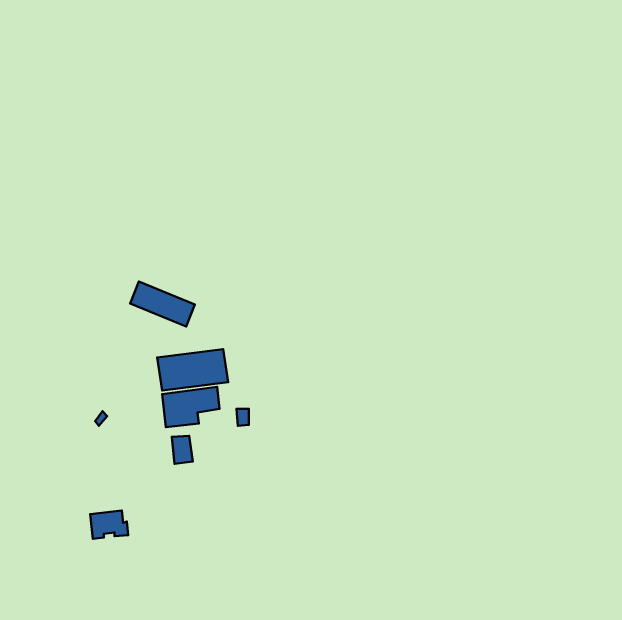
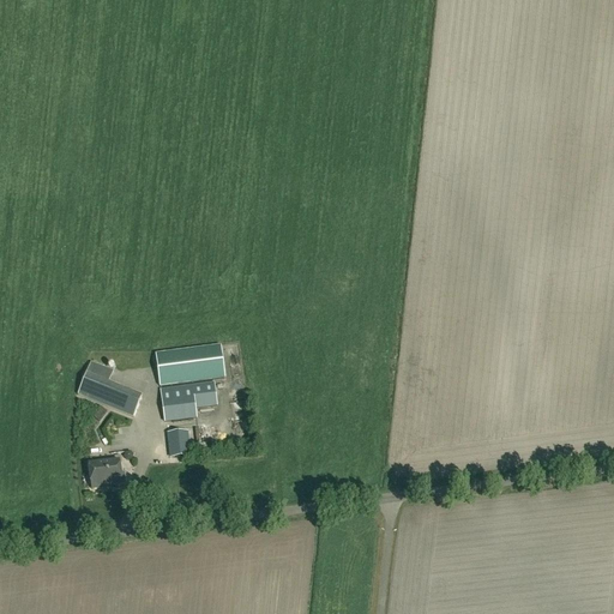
building: [130,281,195,327] -> [77,371,140,415]
building: [90,511,128,539] -> [88,458,125,486]

